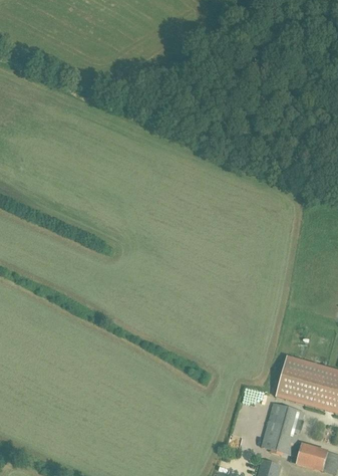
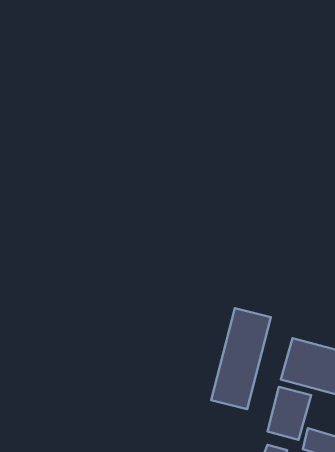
building: none -> [211,308,271,409]

